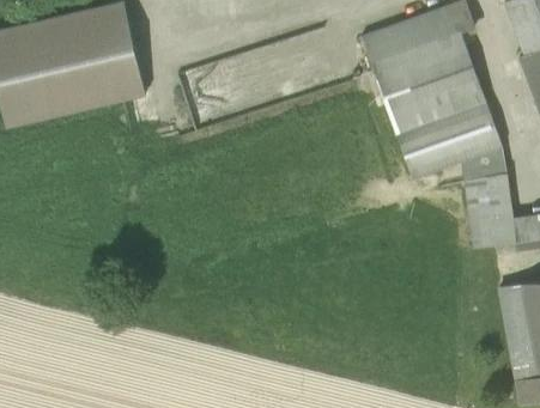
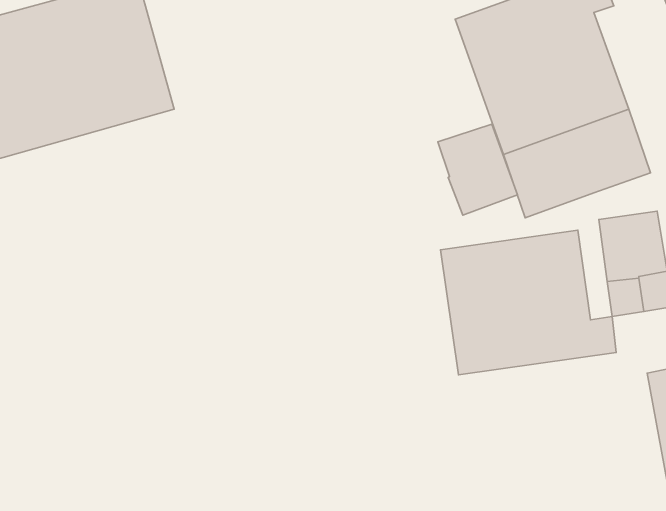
building: none -> [438,124,517,215]
building: [460,145,505,178] -> none
building: none -> [440,230,616,375]

